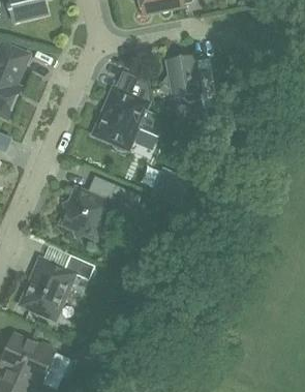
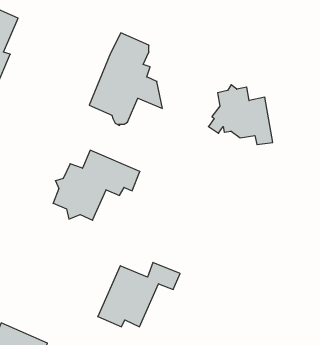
building: [158,53,217,108] -> [208,85,273,145]
building: [19,254,94,313] -> [98,262,180,327]

